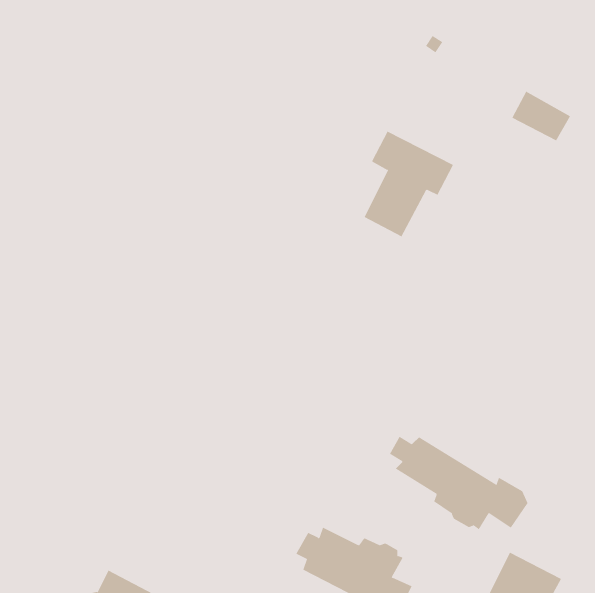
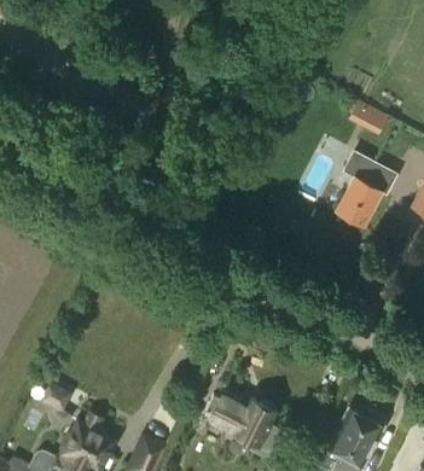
building: [364,131,454,237] -> [337,151,397,222]
building: [389,436,528,530] -> none

